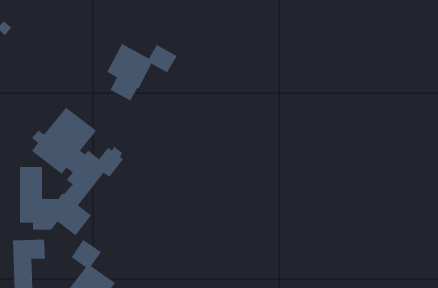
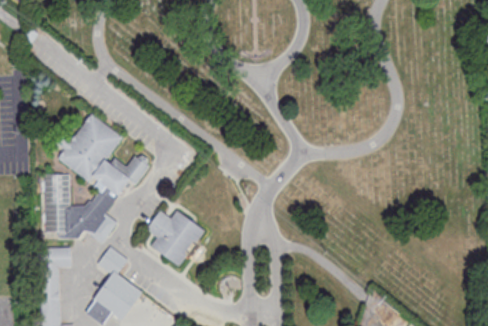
building: [106,43,177,101] -> none
building: none -> [146,209,204,265]

